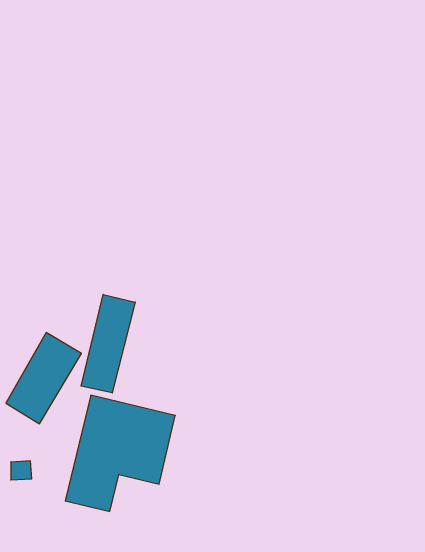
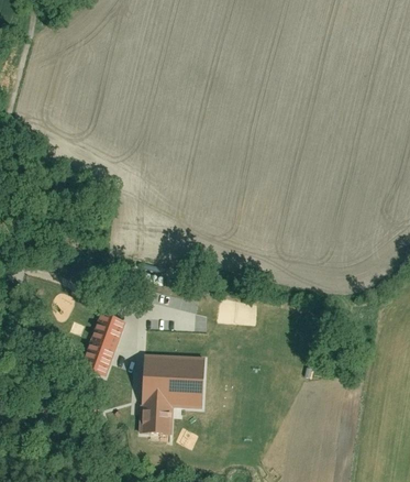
building: [81,294,135,393] -> none

